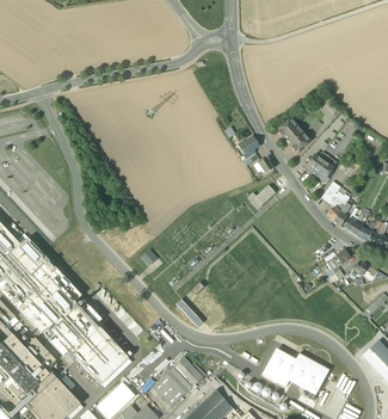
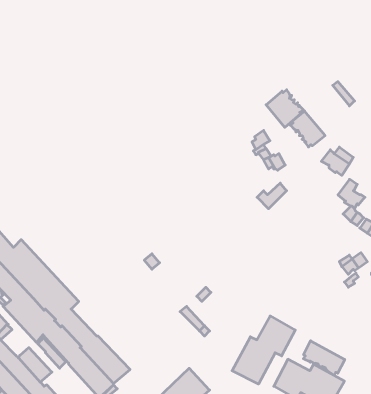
building: none -> [266,90,303,127]
building: none -> [232,316,295,384]
building: none -> [303,341,345,375]

